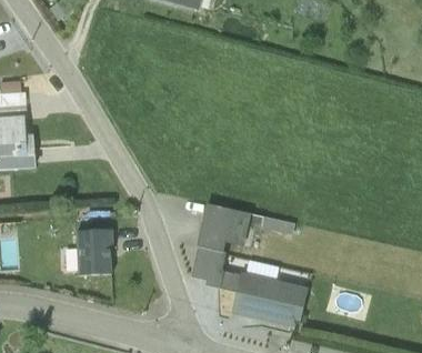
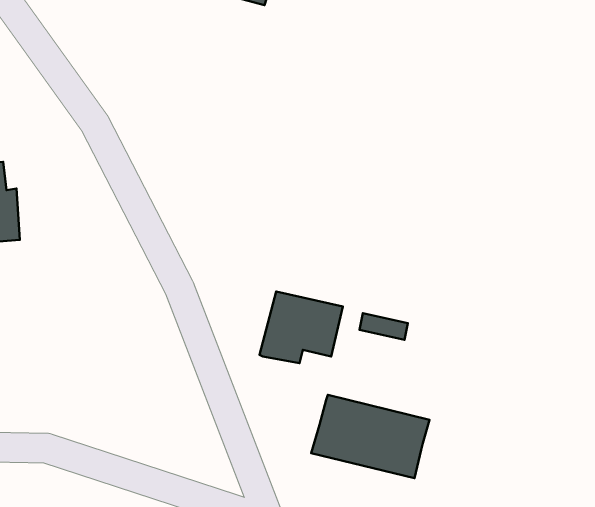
building: [76,228,112,274] -> none
building: [190,245,239,291] -> none

